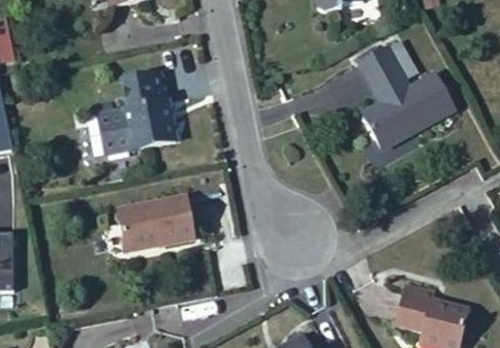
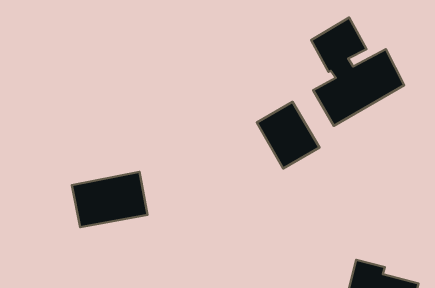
building: [98,71,178,154] -> none
building: none -> [257,102,319,169]

